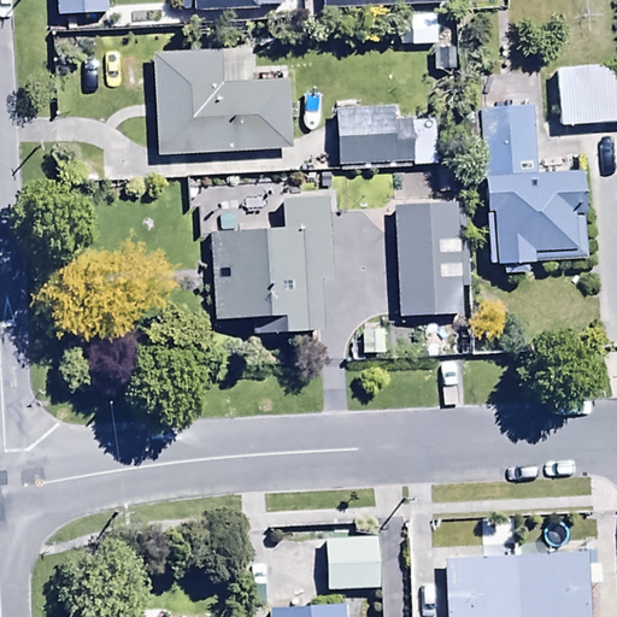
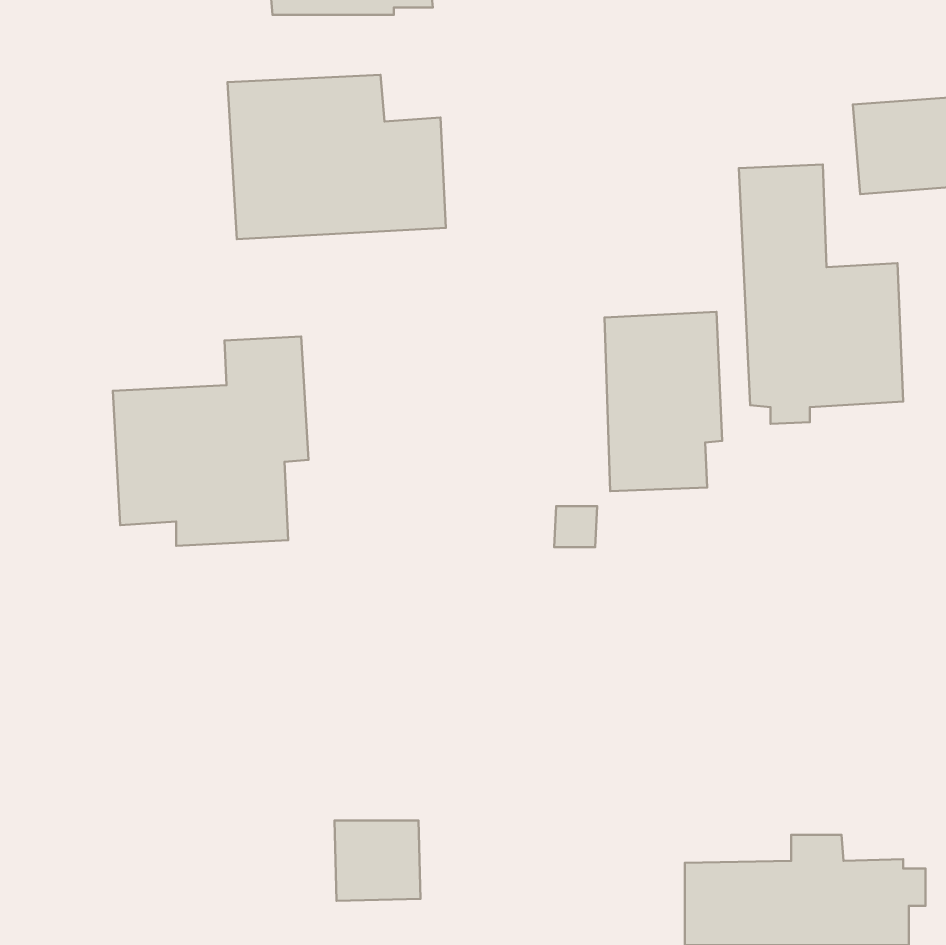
building: [336,105,443,166] -> none
building: [211,196,337,331] -> [113,337,309,546]
building: [327,536,382,588] -> [335,820,420,901]

